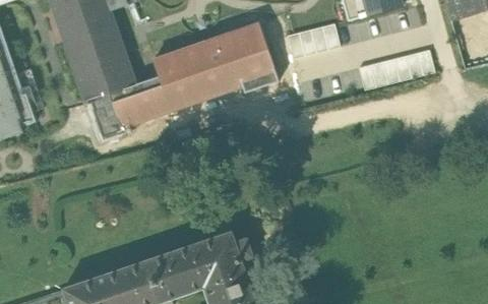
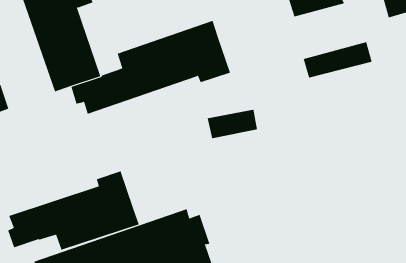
building: [282,22,338,55] -> [207,109,258,139]
building: none -> [7,170,139,251]

